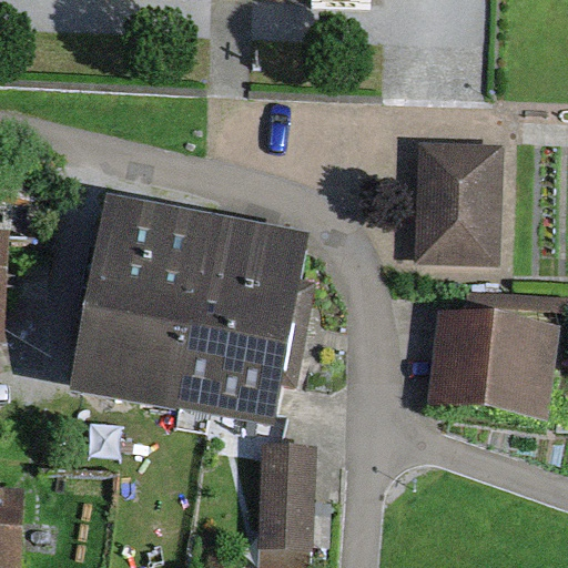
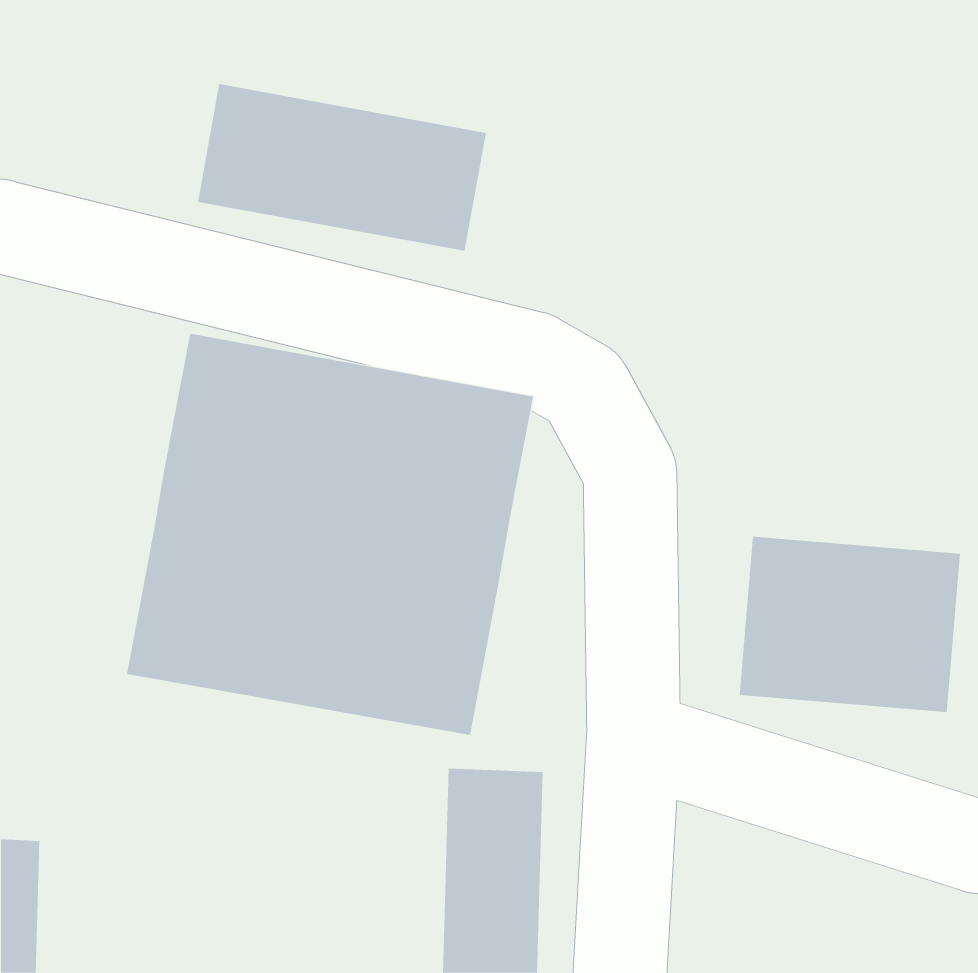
building: none -> [197,83,486,252]
building: [416,144,501,264] -> none

